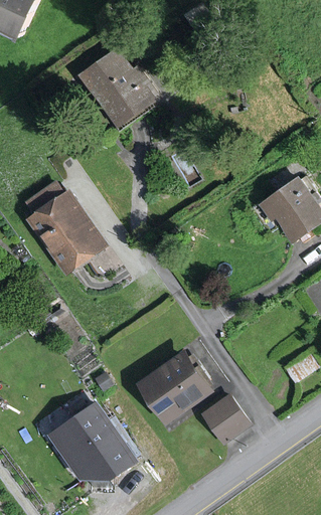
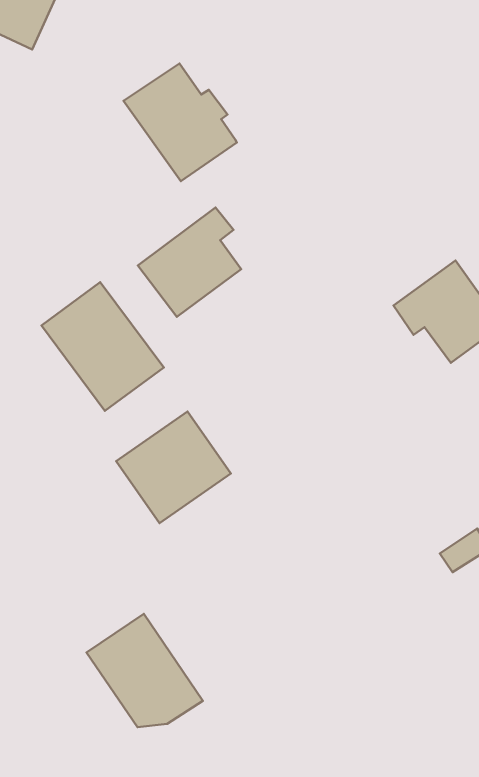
building: none -> [138,208,241,317]
building: [138,351,212,423] -> [116,411,231,523]
building: [203,396,247,442] -> none

